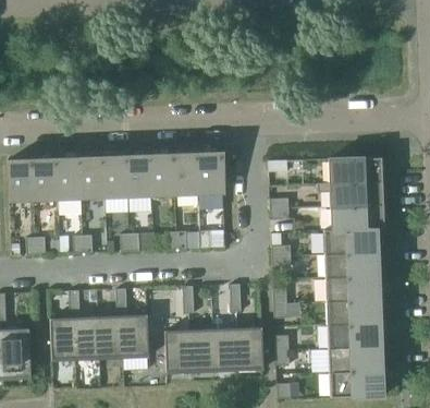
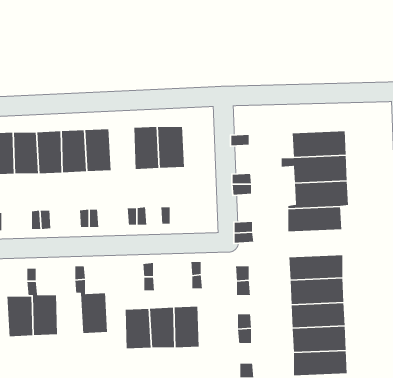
building: [150,154,175,196] -> none
building: [324,254,379,280] -> none
building: [99,316,124,357] -> none
building: [237,327,263,369] -> none

